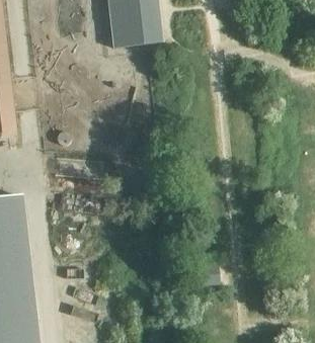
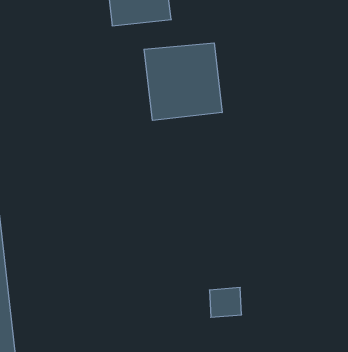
building: none -> [144,43,222,120]

